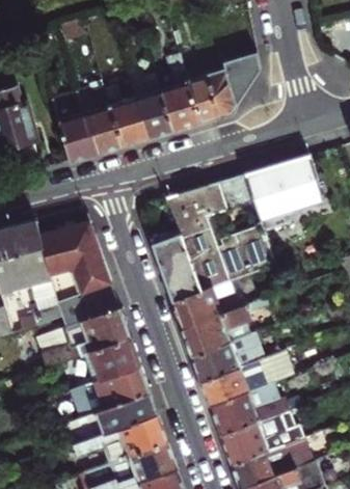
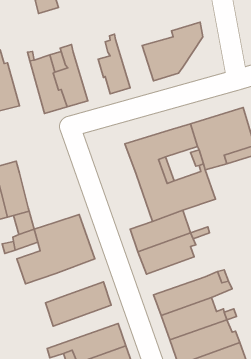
building: [155,53,200,131] -> none
building: [104,79,149,146] -> none
building: [39,220,111,293] -> none
building: [153,235,199,301] -> none
building: [192,333,263,380] -> none
building: [83,336,140,381] -> none
building: [65,392,158,444] -> none

